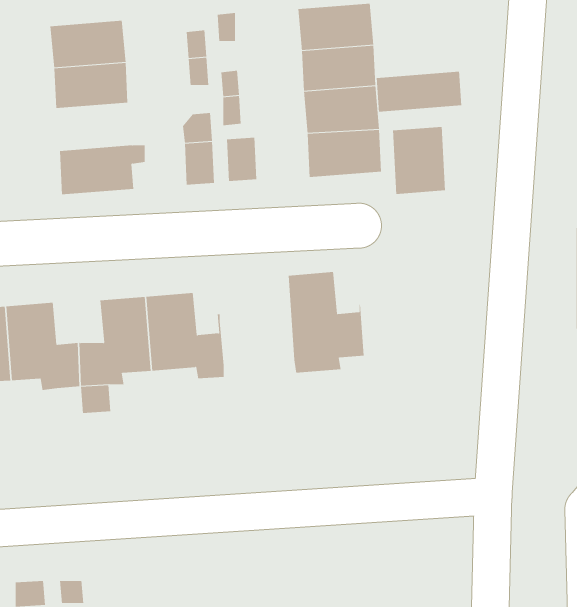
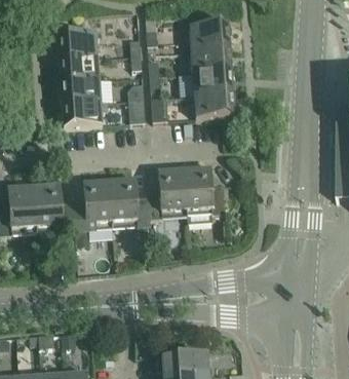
building: [376,71,462,112] -> none
building: none -> [59,76,102,102]
building: [393,126,446,195] -> none
building: none -> [149,168,188,217]

